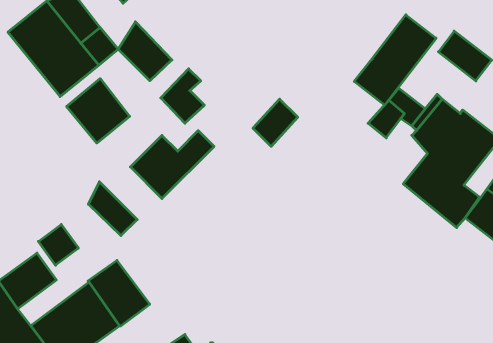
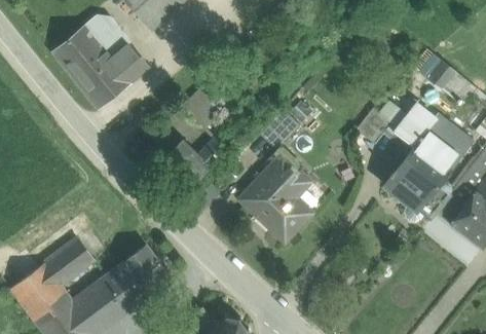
building: [354,15,436,105] -> none
building: [118,22,172,81] -> none
building: [67,79,130,143] -> none
building: none -> [237,151,311,238]
building: [88,182,137,236] -> none
building: [38,224,78,265] -> none

